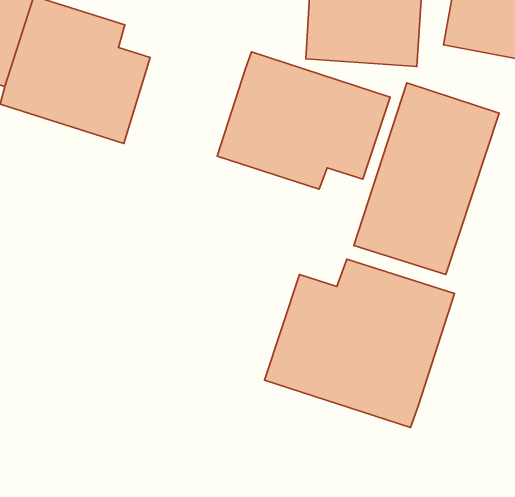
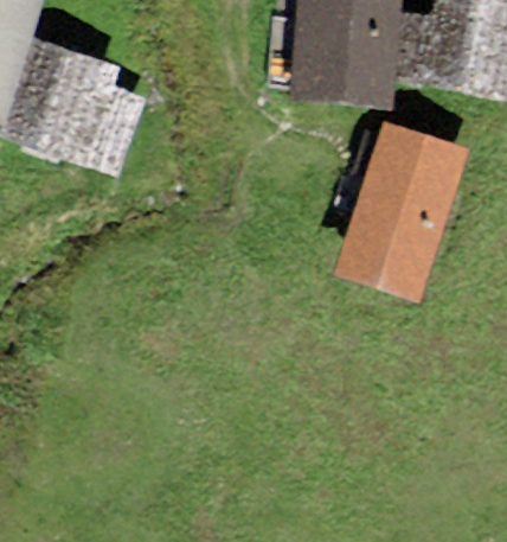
building: [217,52,390,189] -> none
building: [264,259,454,428] -> none

